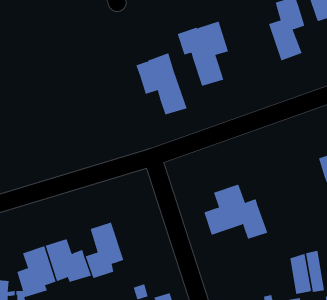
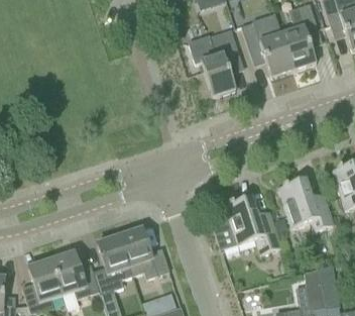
building: [135,52,187,115] -> [241,12,294,77]
building: none -> [278,178,334,231]
building: none -> [120,228,169,279]

